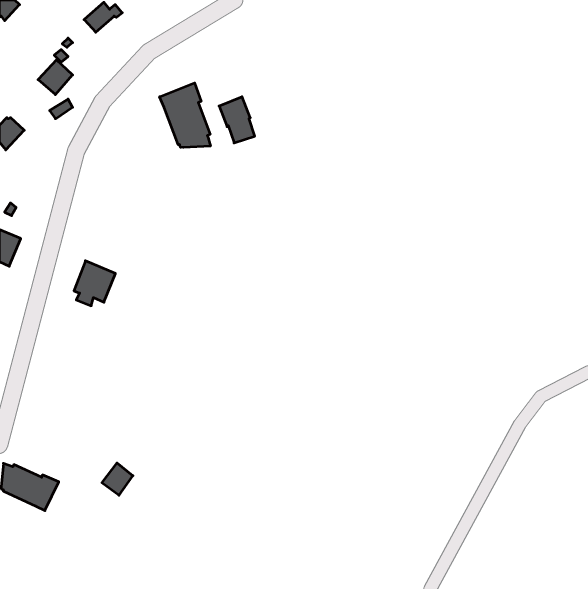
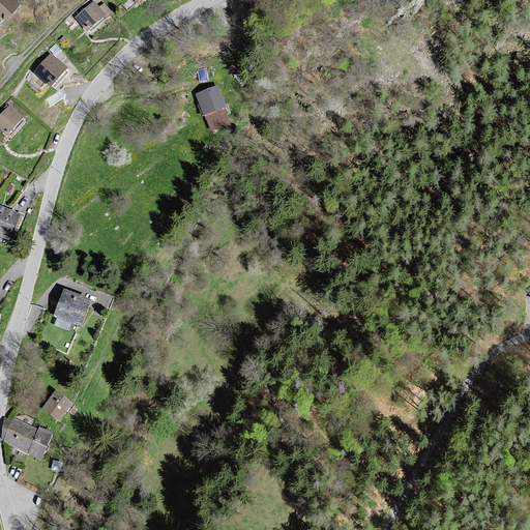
building: [160,83,210,147] -> none
building: [74,261,115,306] -> [53,289,90,329]
building: [102,463,133,495] -> [42,391,70,420]

